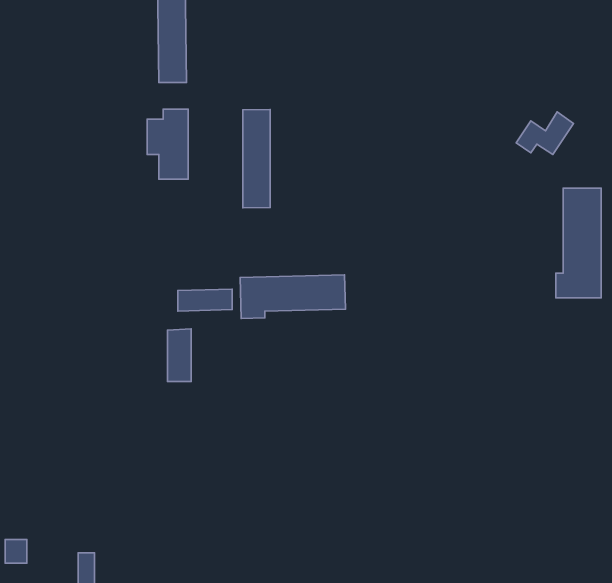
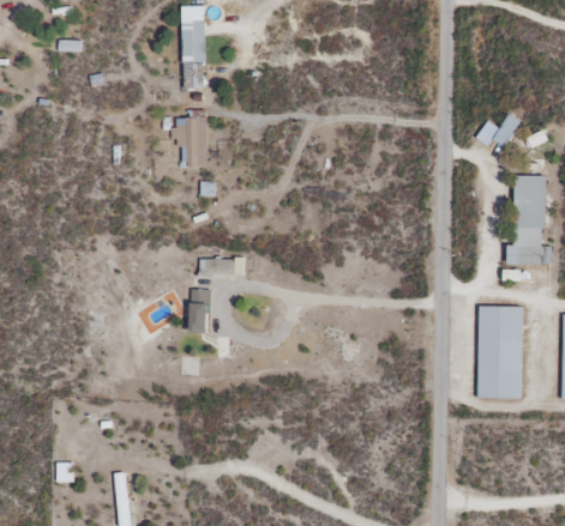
building: [243,110,270,208] -> none
building: [240,275,345,319] -> none
building: none -> [477,307,522,399]

